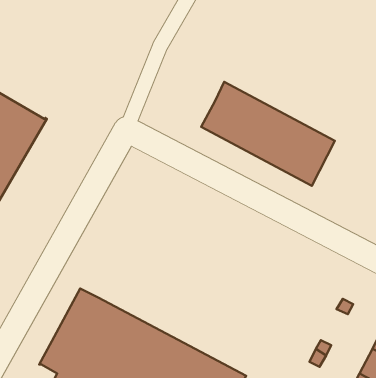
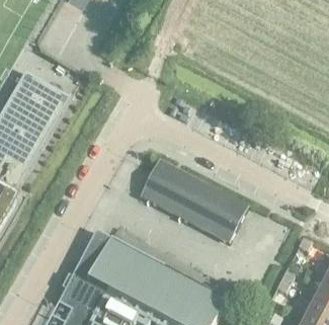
building: [201,82,335,186] -> [140,160,245,242]

